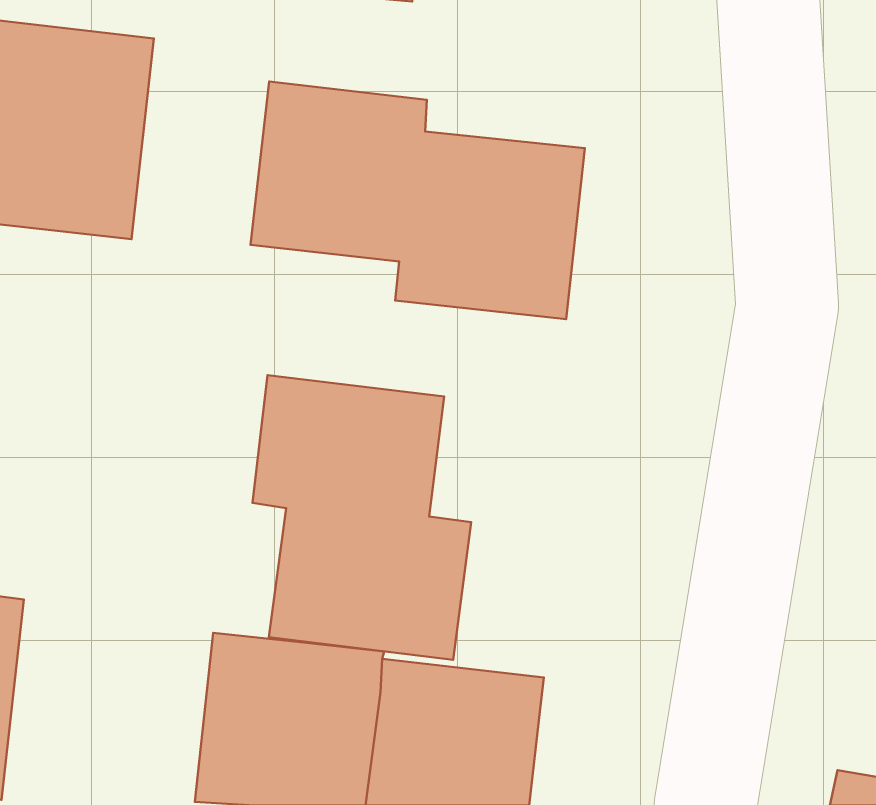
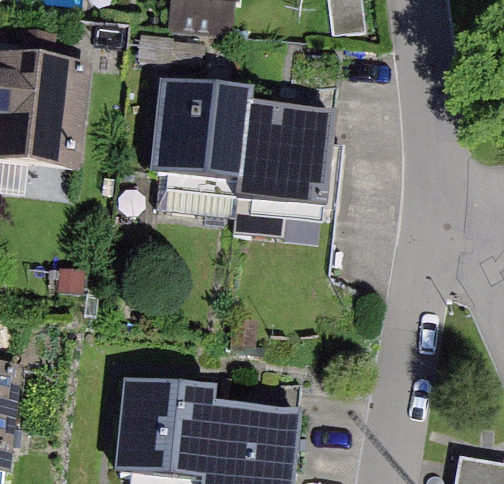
building: [252,375,471,660] -> none

